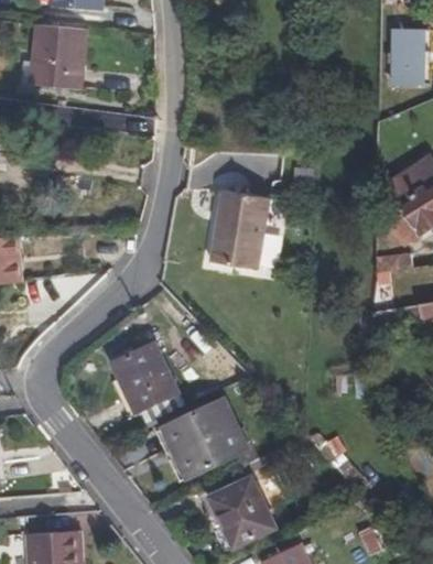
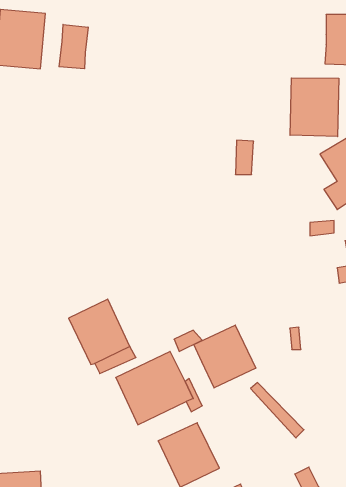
building: none -> [59,24,88,69]
building: none -> [290,78,339,137]
building: [209,191,267,269] -> none
building: none -> [194,325,256,388]

